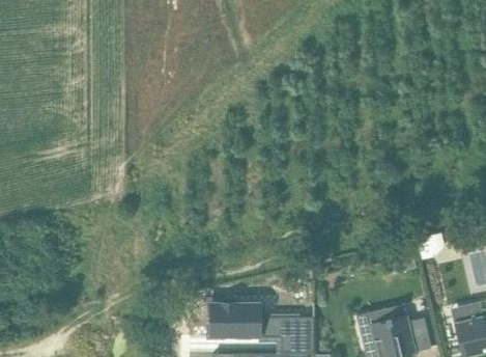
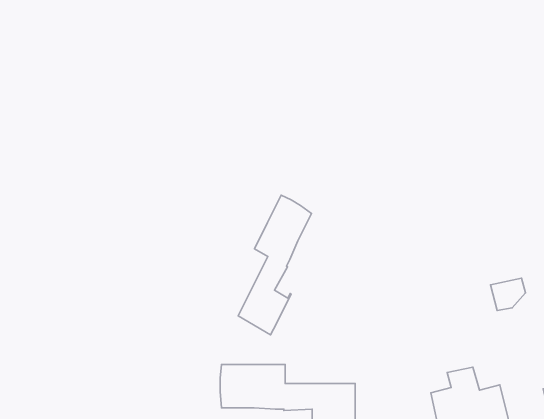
building: none -> [238,195,312,335]

